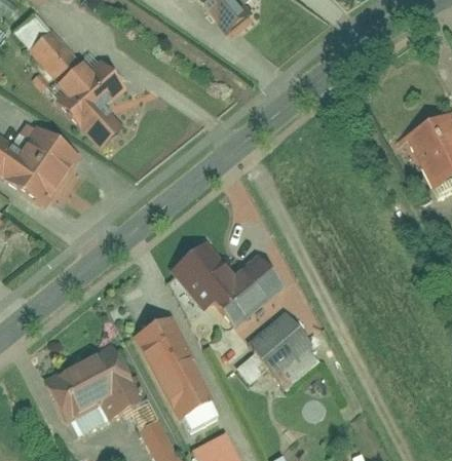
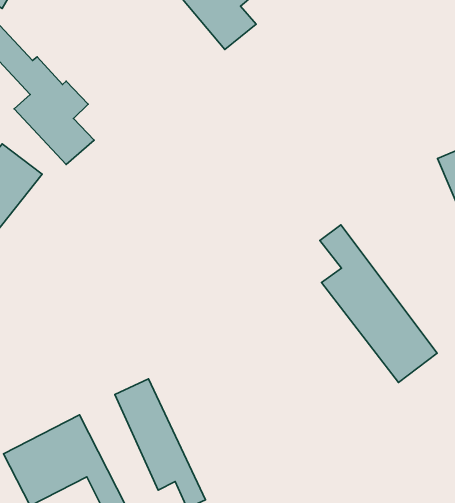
building: none -> [320,225,437,383]
building: [173,242,288,323] -> none
building: [241,311,314,382] -> none

